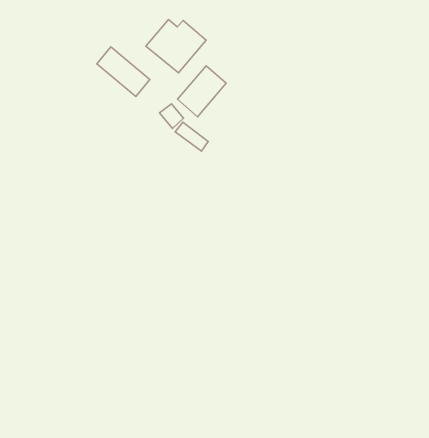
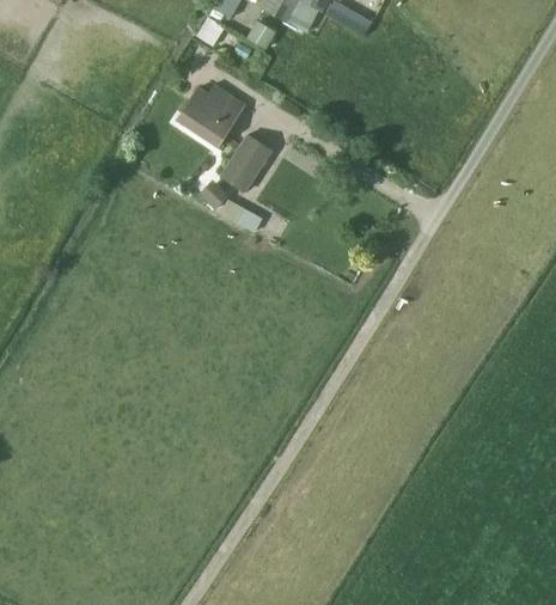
building: [97,47,150,97] -> none

